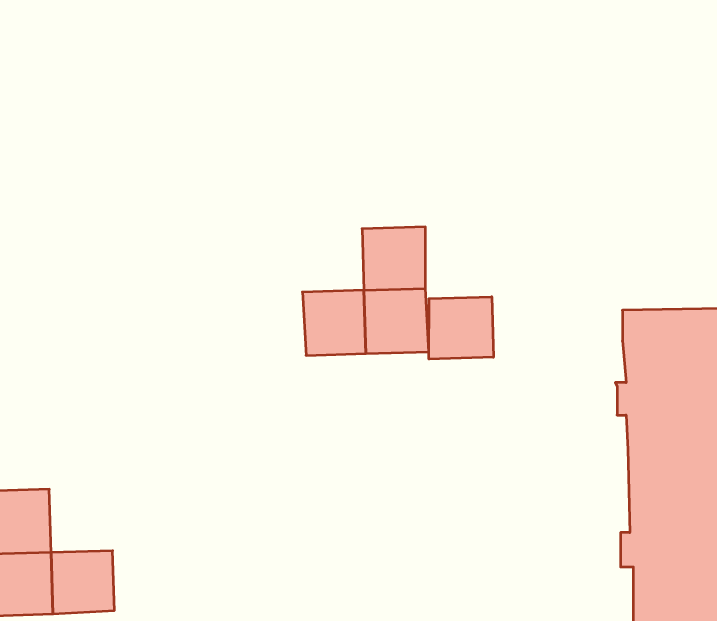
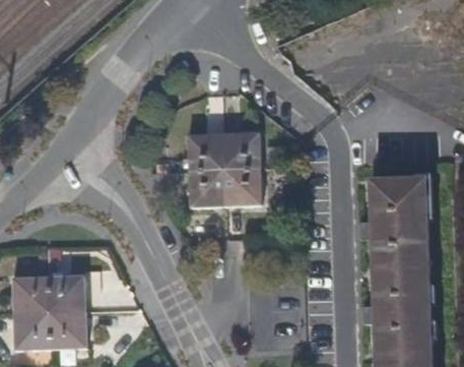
building: none -> [190,133,224,169]
building: [429,297,493,359] -> none
building: none -> [48,279,83,315]

